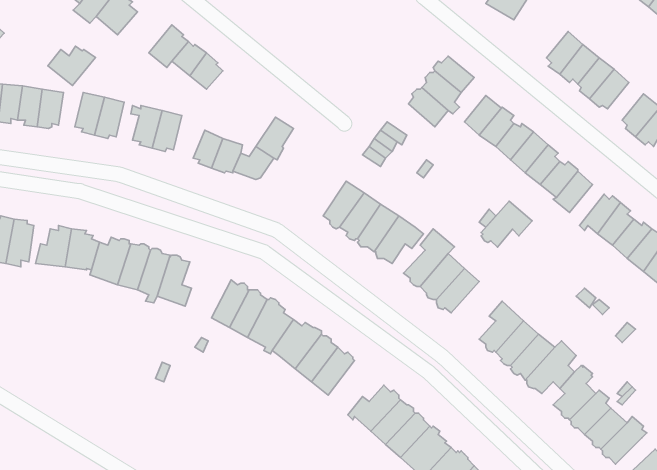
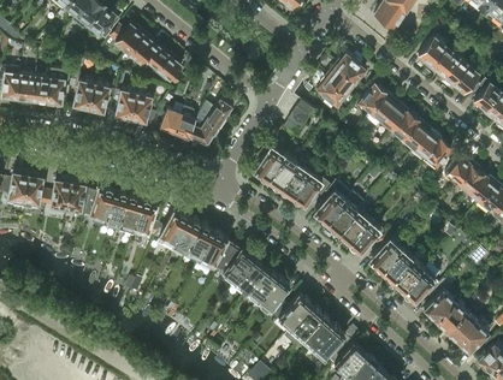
building: [48,46,95,86] -> [108,23,143,52]
building: [481,201,532,247] -> [348,219,385,253]
building: none -> [153,210,187,245]
building: none -> [258,277,289,322]

